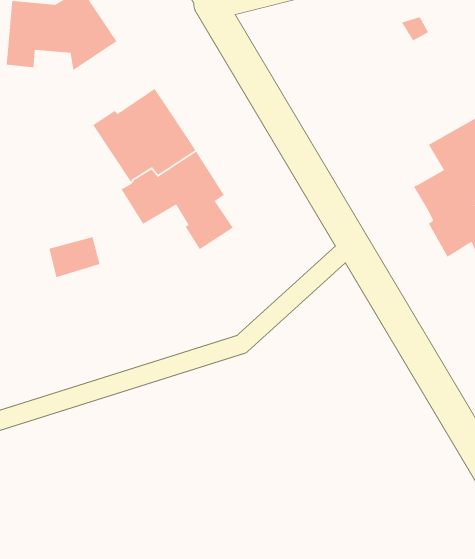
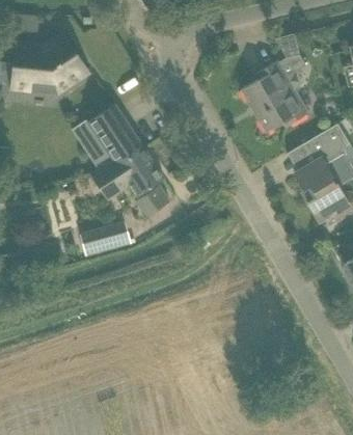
building: none -> [242,60,309,132]
building: [48,236,101,278] -> [94,222,131,251]

